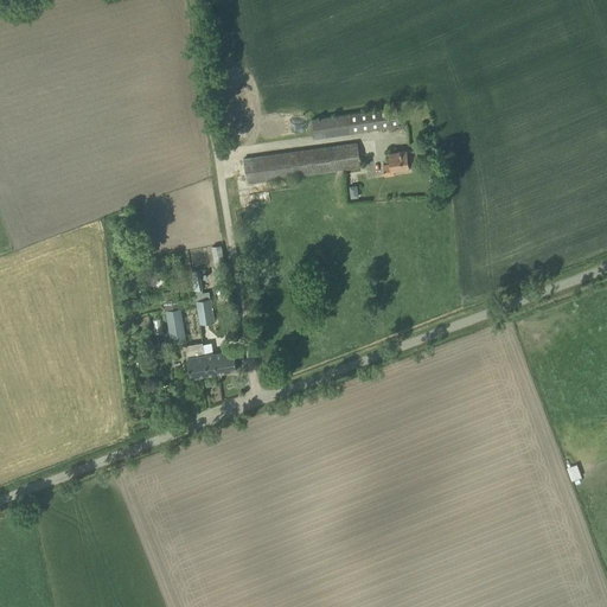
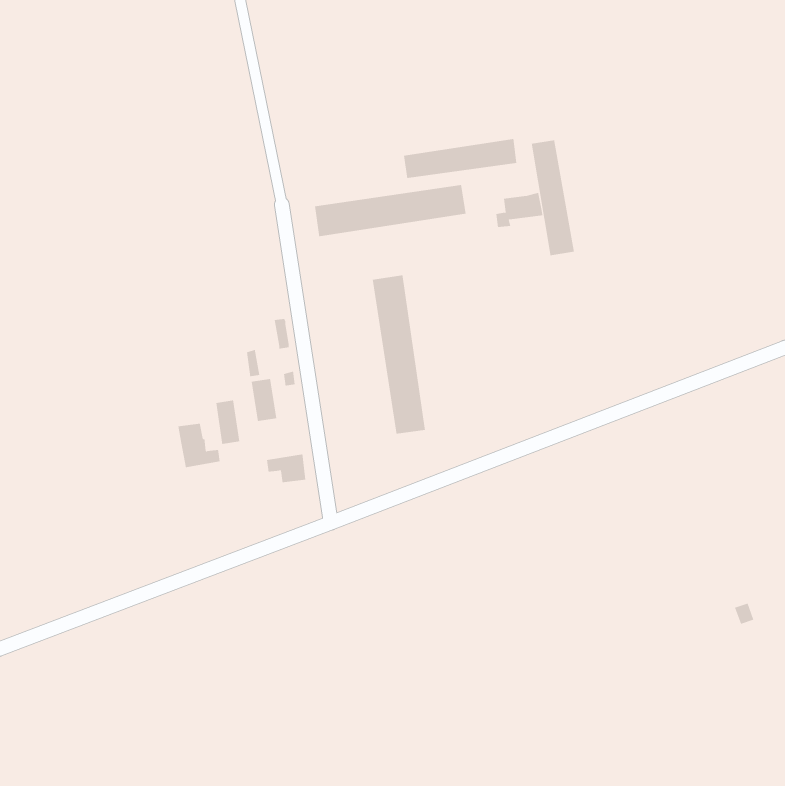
building: none -> [531,139,574,256]
building: none -> [372,274,425,435]
building: [184,343,217,377] -> [177,423,221,468]

